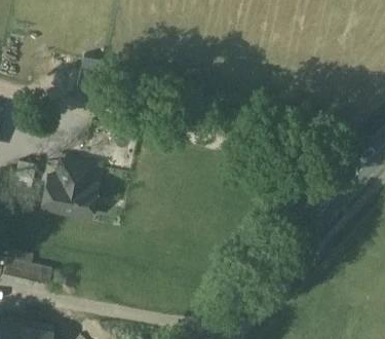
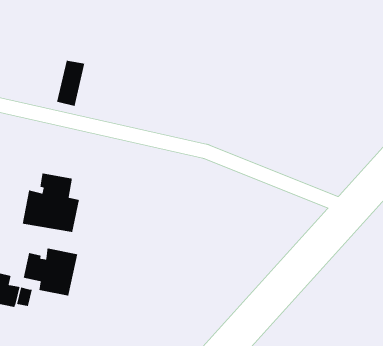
building: none -> [23,247,78,296]

